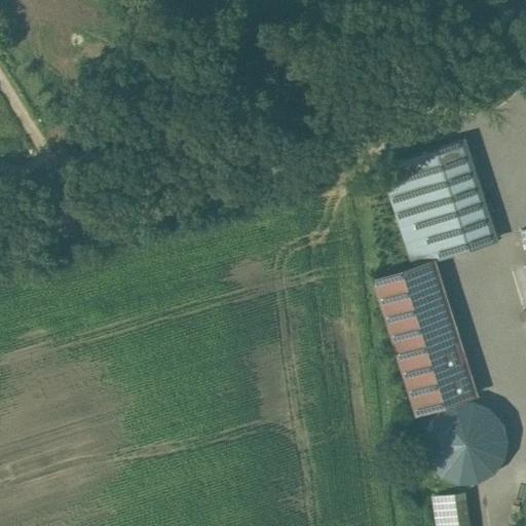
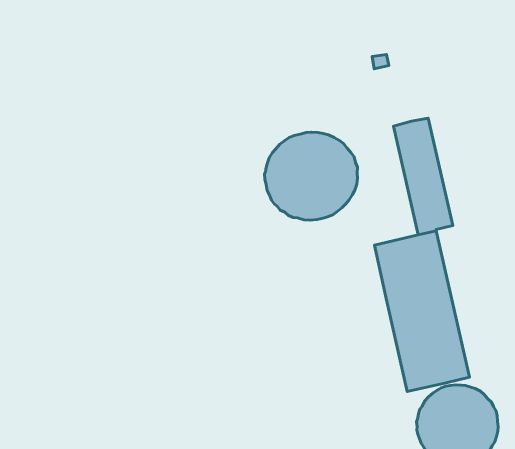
building: [417,144,495,258] -> none
building: none -> [264,132,357,220]

